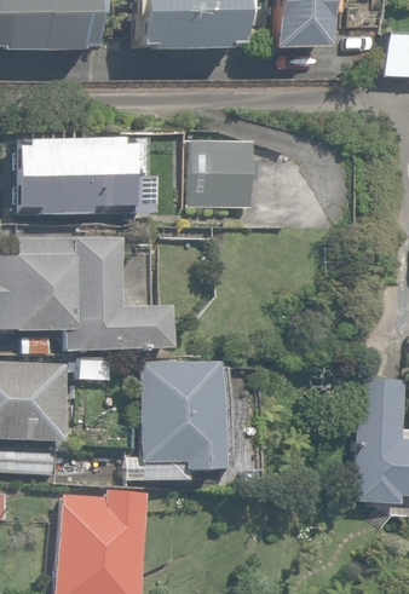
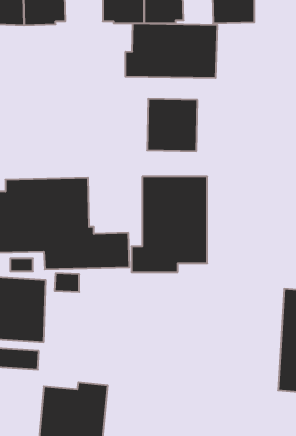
building: none -> [125,23,217,78]
building: [18,139,152,213] -> none
building: [127,361,220,478] -> [131,177,207,272]

